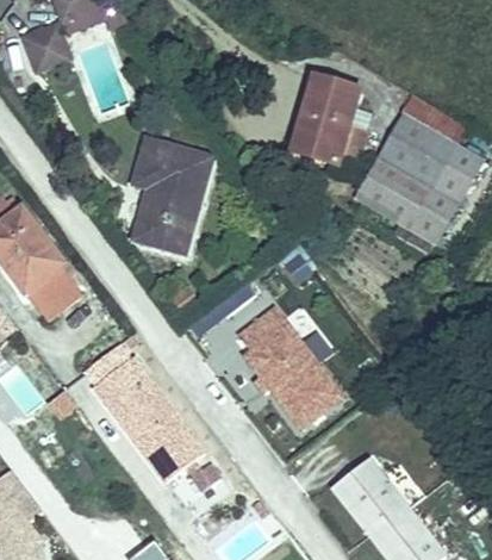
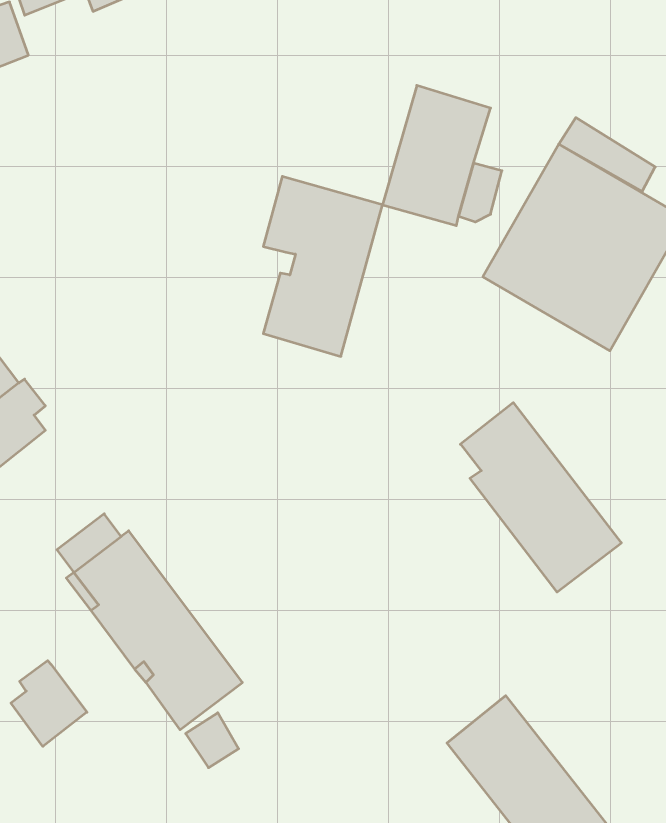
building: [135,139,210,253] -> [263,176,383,356]
building: [239,307,341,427] -> [460,403,621,592]
building: none -> [11,661,87,746]

